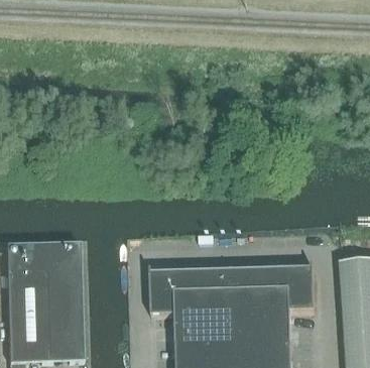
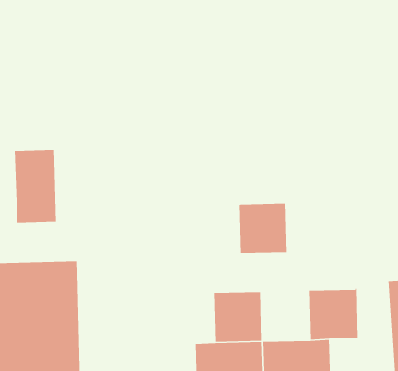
building: none -> [14,149,57,223]
building: [232,267,273,311] -> [239,203,287,254]
building: [150,269,193,314] -> none

